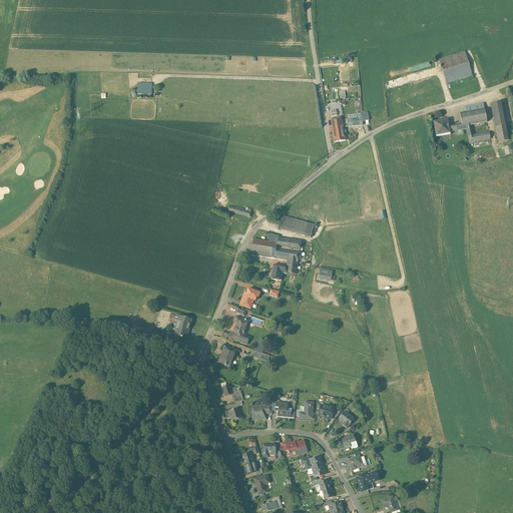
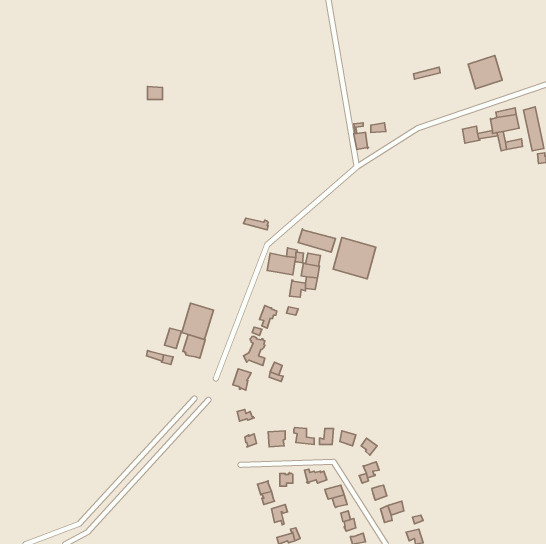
building: none -> [333,237,376,279]
building: none -> [182,303,213,340]

